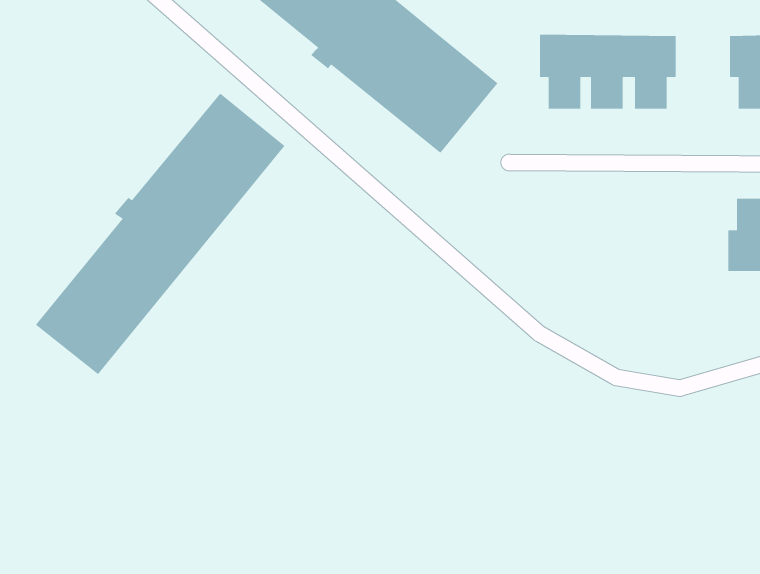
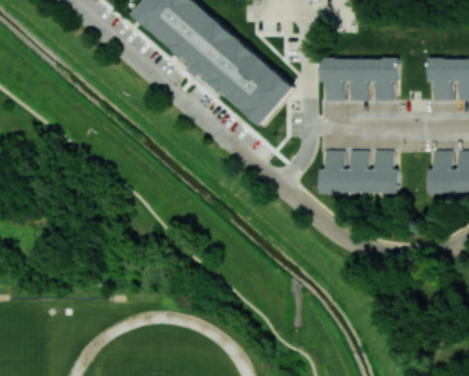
building: [35,93,286,375] -> none
building: none -> [320,150,398,193]

